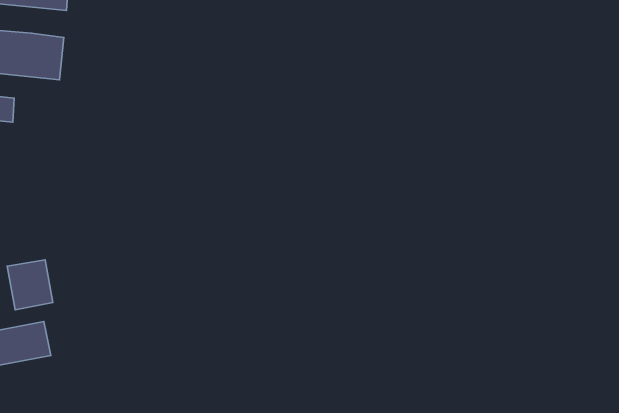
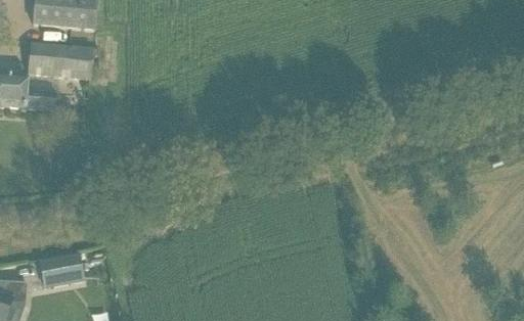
building: [7,260,53,310] -> none

